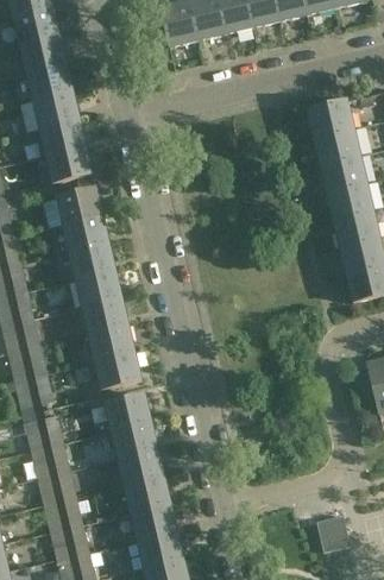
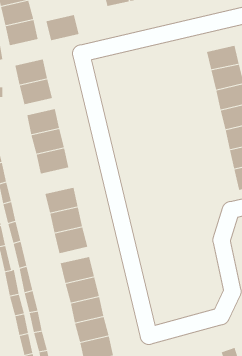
building: [32,92,80,128] -> [45,14,80,41]
building: [75,270,122,307] -> none

